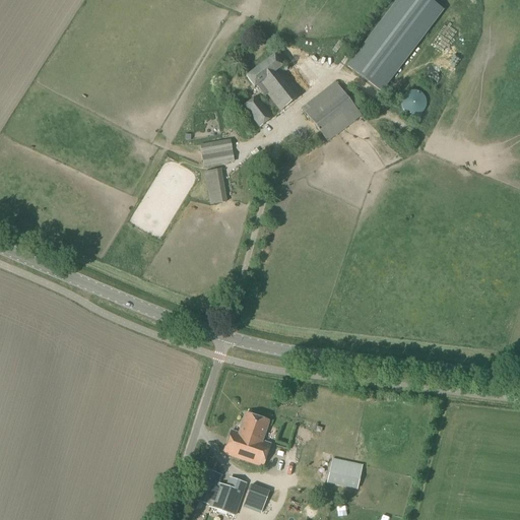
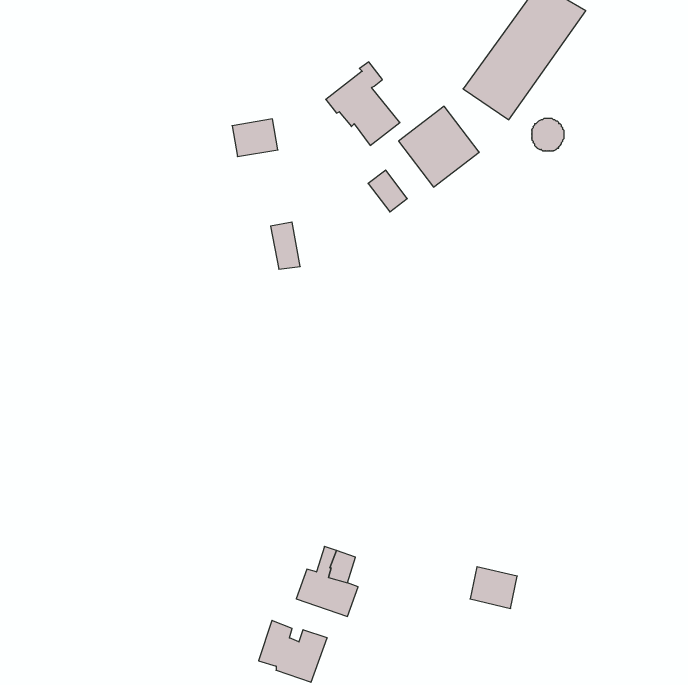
building: [243,94,272,126] -> [368,170,407,212]
building: [199,138,234,167] -> [232,119,278,157]
building: [326,457,362,489] -> [470,567,517,608]
building: [243,483,269,513] -> none

